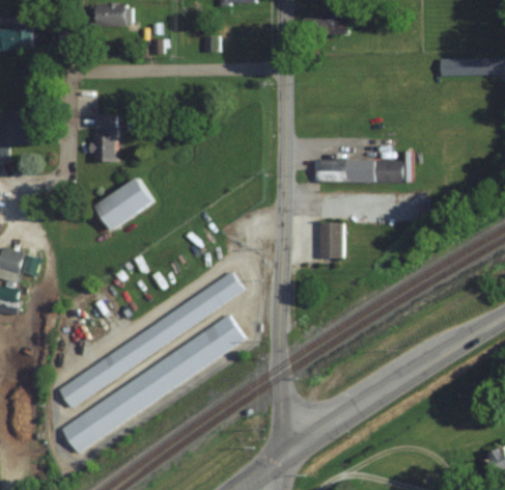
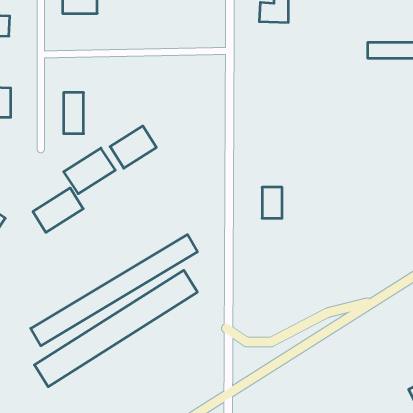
building: none -> [110,126,156,168]
building: [315,160,402,183] -> none
building: none -> [33,188,83,232]

